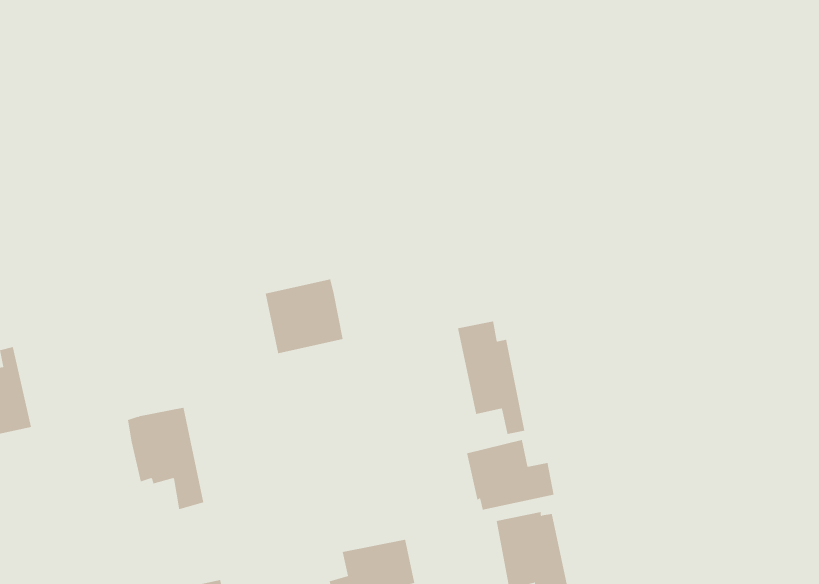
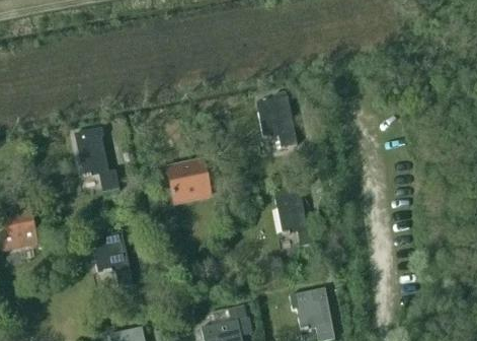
building: none -> [256,97,297,148]
building: none -> [74,127,120,193]
building: [466,439,554,510] -> none

